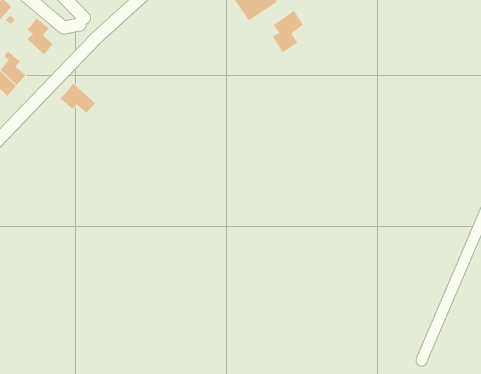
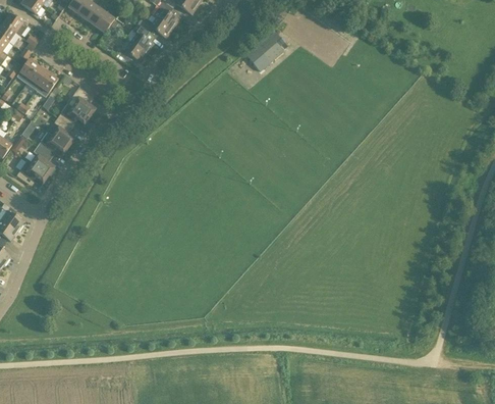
building: [272,10,304,53] -> none
building: [59,82,96,113] -> [58,102,90,128]

